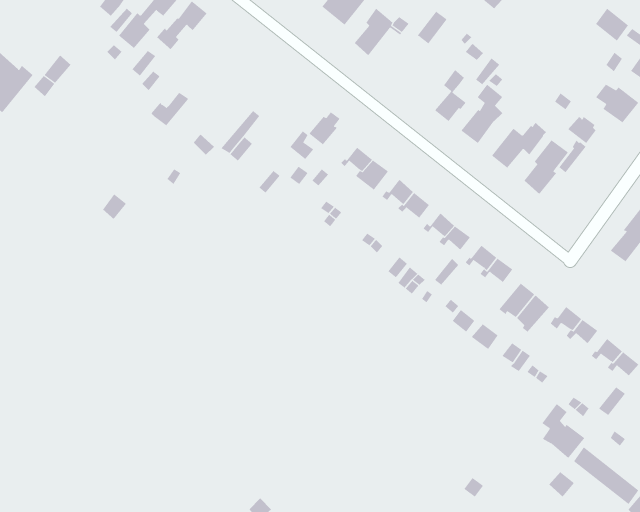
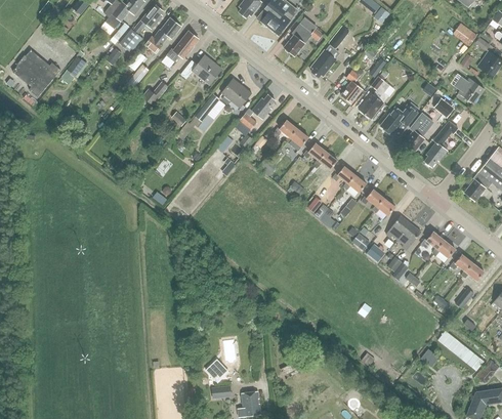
building: none -> [167,31,198,61]
building: none -> [310,49,336,77]
building: none -> [180,55,222,84]
building: none -> [221,78,252,108]
building: none -> [424,122,457,167]
building: [541,403,585,459] -> none

